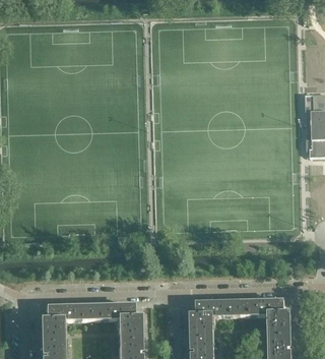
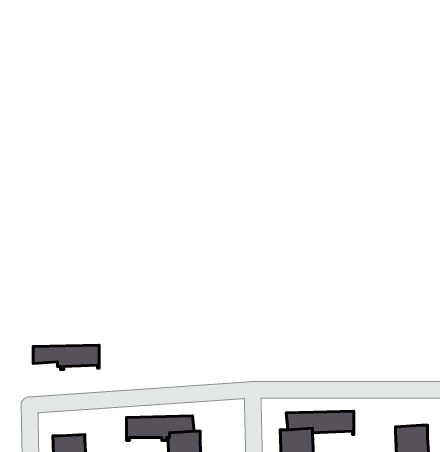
building: [240,301,284,317] -> none
building: [46,306,89,322] -> [33,345,99,370]

